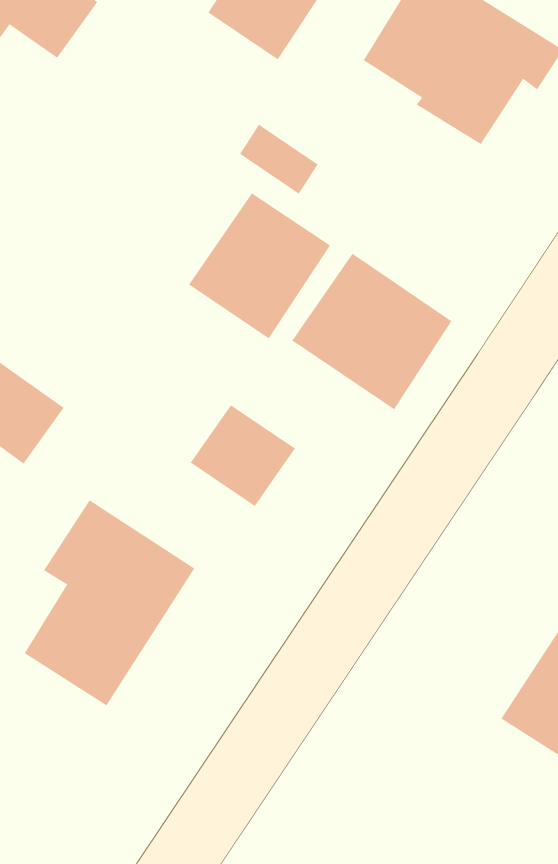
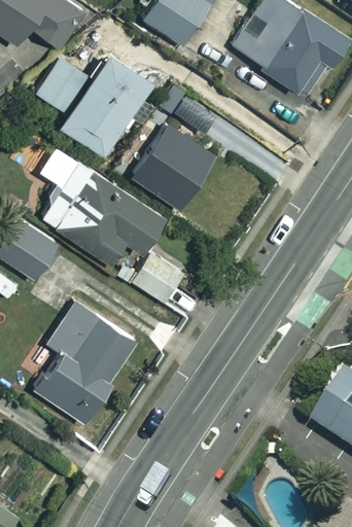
building: none -> [36,55,151,156]
building: [292,253,452,410] -> none
building: none -> [41,161,167,267]

